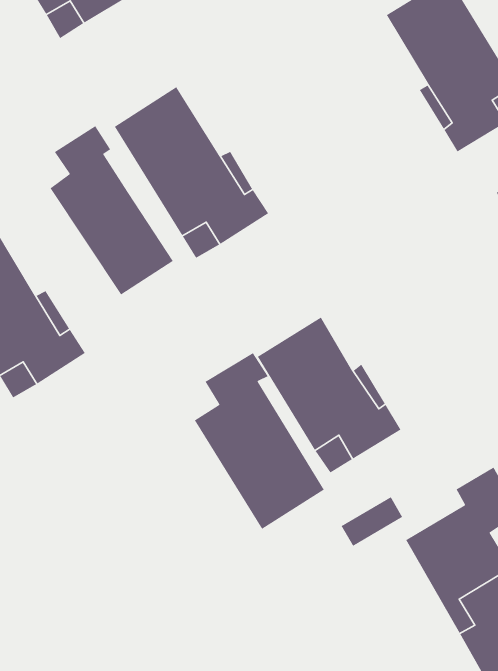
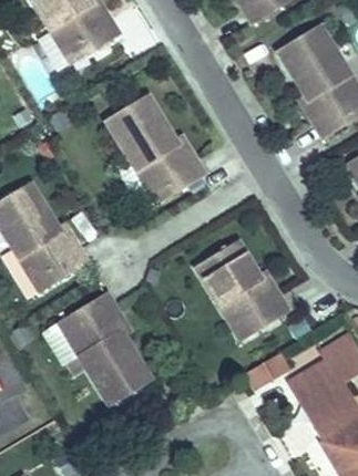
building: [49,125,174,296] -> none
building: [194,352,325,530] -> [67,292,150,405]

